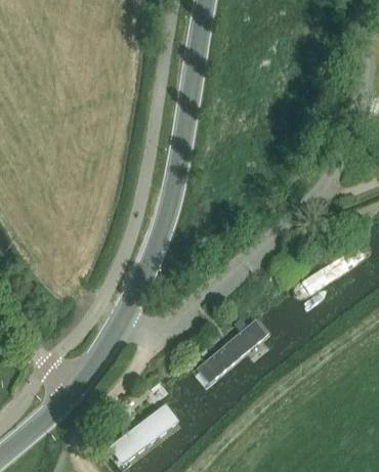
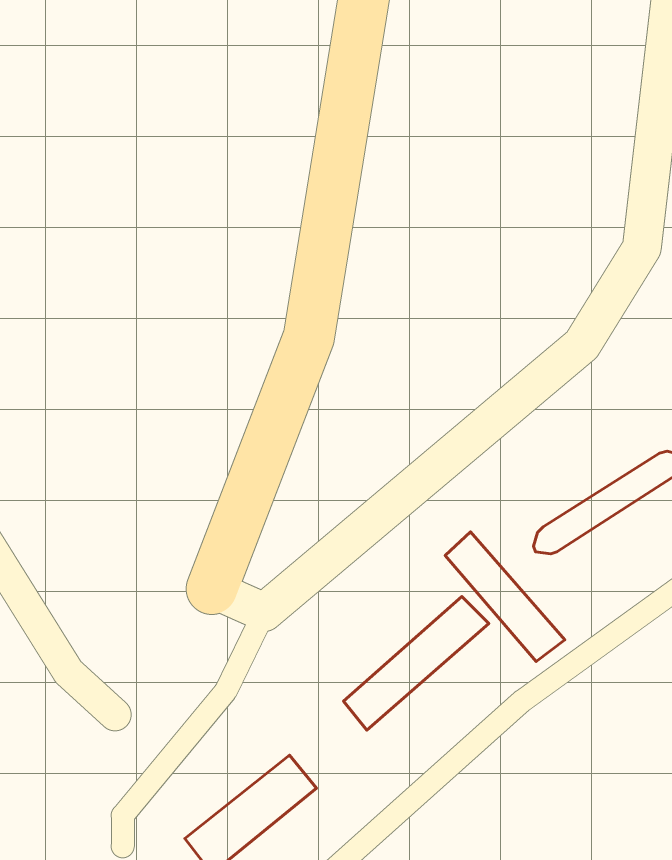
building: none -> [445,532,565,662]

